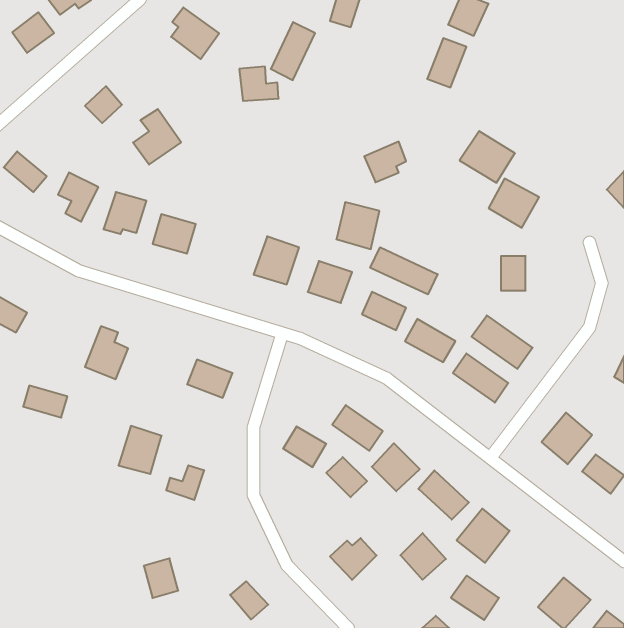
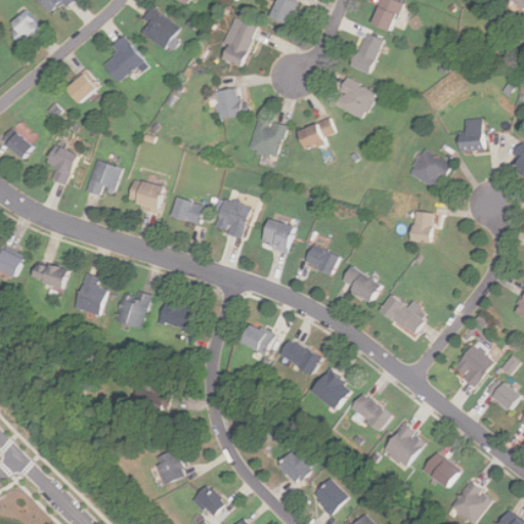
building: [239,67,279,101] -> [218,88,251,117]
building: [133,109,181,165] -> [106,35,146,81]
building: [460,131,515,183] -> [335,77,381,120]
building: none -> [454,121,481,151]
building: [336,202,379,249] -> [252,118,288,157]
building: none -> [168,194,204,224]
building: [370,247,438,294] -> none
building: [472,315,533,369] -> none
building: [23,386,67,418] -> [30,260,67,287]
building: [118,426,162,474] -> [113,288,148,328]
building: [283,426,326,467] -> [236,321,272,355]
building: [326,457,367,497] -> none
building: [400,533,446,580] -> [309,476,347,515]
building: [144,558,178,598] -> [152,449,181,482]
building: [451,576,499,620] -> [419,451,458,488]

